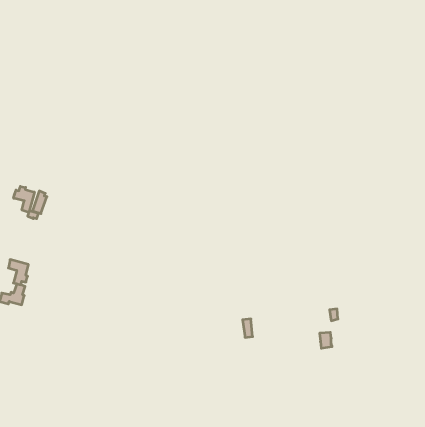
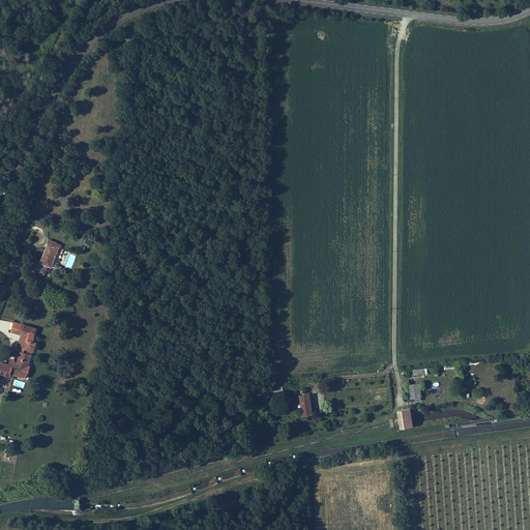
building: [14,186,34,212] -> none

